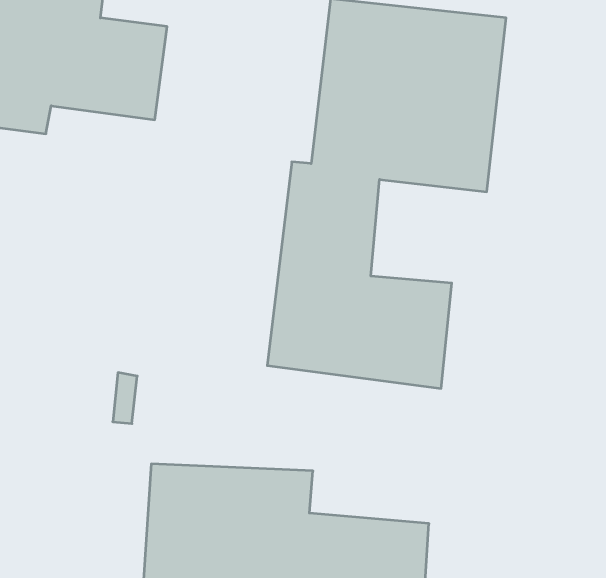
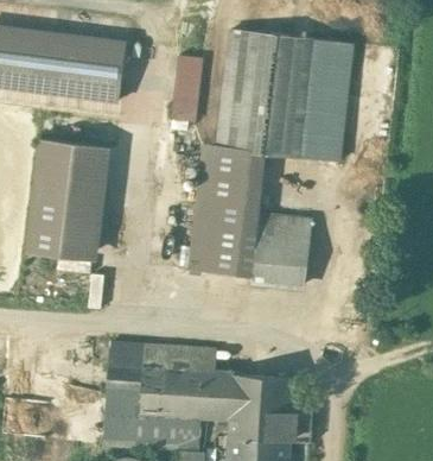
building: none -> [166,59,202,127]
building: none -> [26,143,106,261]

